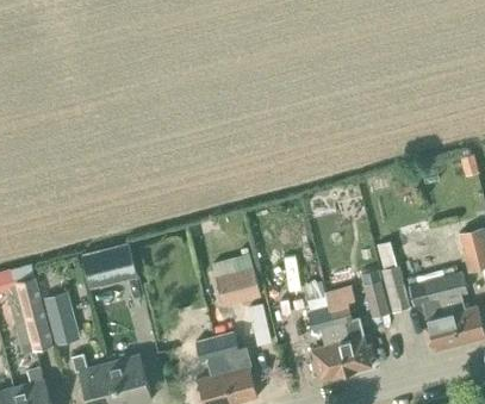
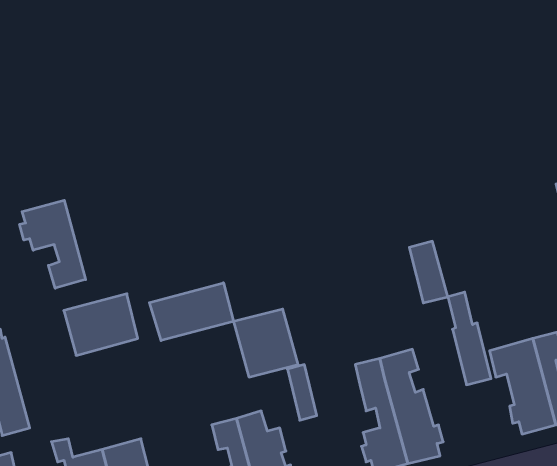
building: none -> [20,200,86,288]
building: none -> [149,283,233,341]
building: [360,271,390,318] -> [409,241,448,303]
building: [42,292,80,346] -> none

